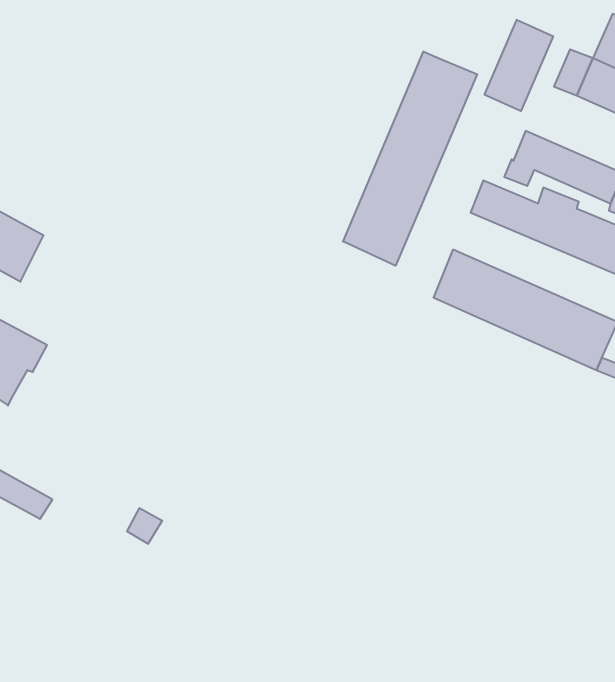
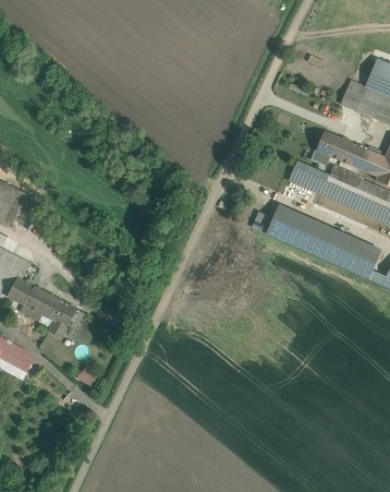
building: [485,20,553,111] -> none
building: [343,51,477,266] -> none
building: none -> [9,278,76,336]

